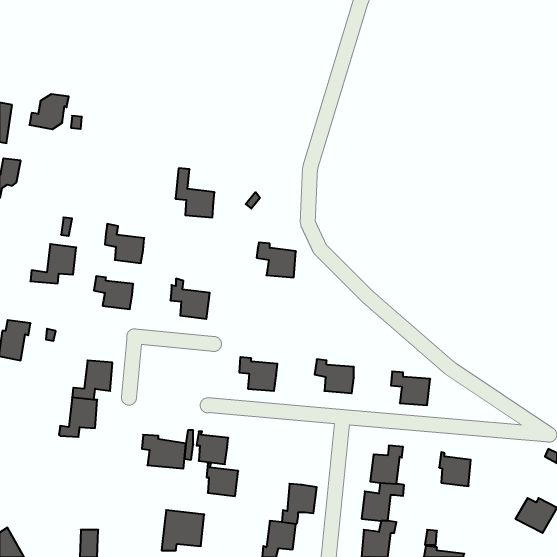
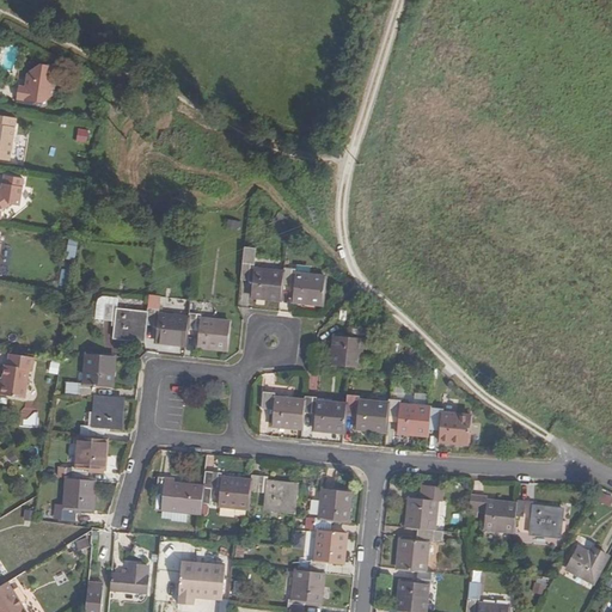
building: [29,94,69,129] -> [13,62,56,100]
building: [175,168,215,217] -> [239,245,282,299]
building: [105,224,144,263] -> [145,300,188,343]
building: [30,244,76,283] -> [65,351,115,394]
building: none -> [330,325,367,369]
building: none -> [302,396,345,433]
building: none -> [387,397,429,435]
building: none -> [53,477,94,520]
building: none -> [312,488,351,531]
building: none -> [513,500,562,537]
building: [207,463,238,496] -> [263,476,298,512]
building: none -> [109,562,149,593]

